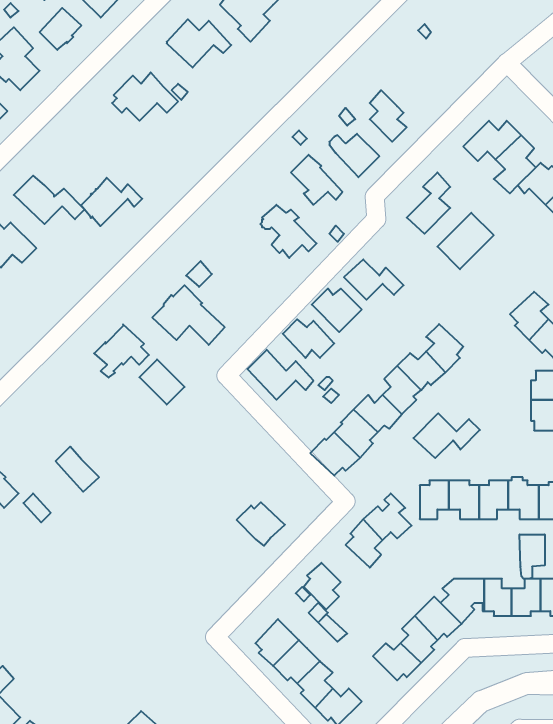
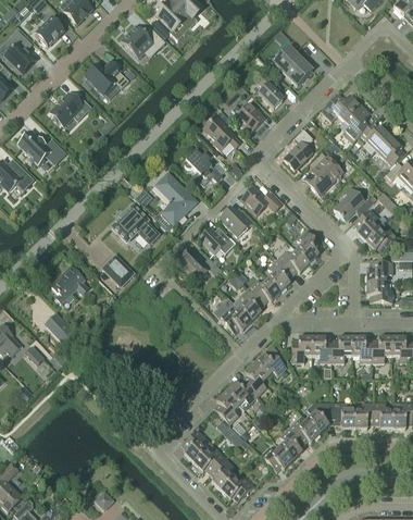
building: none -> [274,44,313,85]
building: [81,178,142,226] -> [51,92,92,125]
building: none -> [155,171,197,222]
building: none -> [334,187,374,220]
building: [94,324,149,378] -> [51,267,88,302]
building: [413,413,480,458] -> none
building: [237,502,285,546] -> [226,380,259,409]
building: [520,534,545,579] -> none

